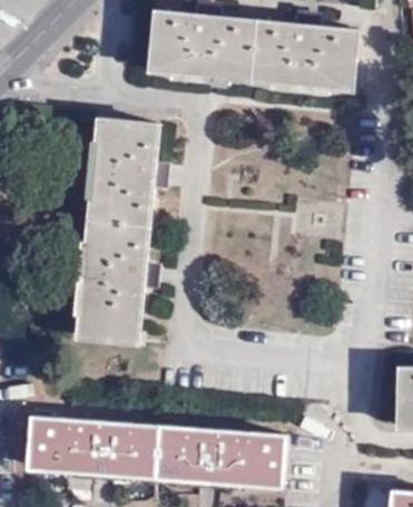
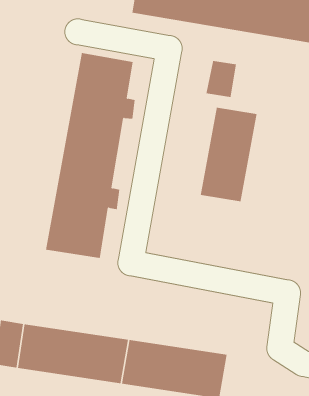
building: none -> [206,60,237,98]
building: none -> [200,107,257,202]

